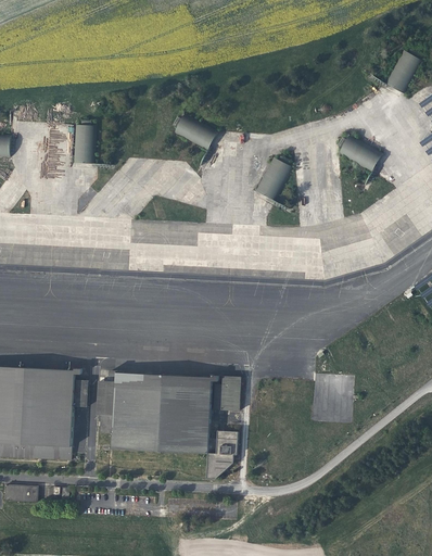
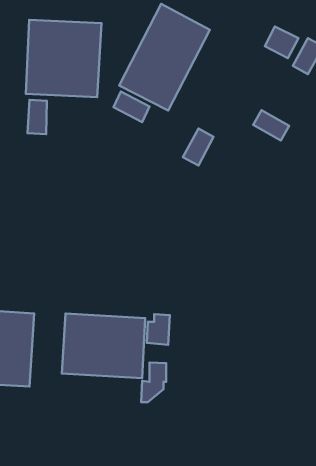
building: none -> [119,4,210,111]
building: none -> [26,20,101,97]
building: none -> [265,27,299,58]

